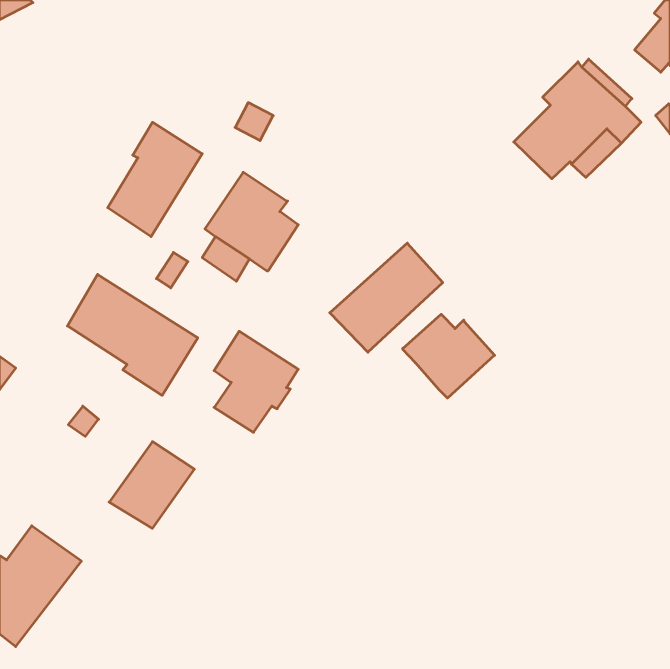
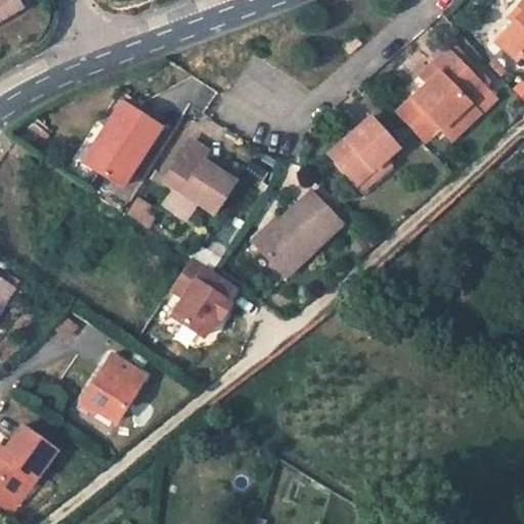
building: none -> [330,119,401,193]
building: [67,274,198,395] -> none
building: [403,314,495,398] -> none

